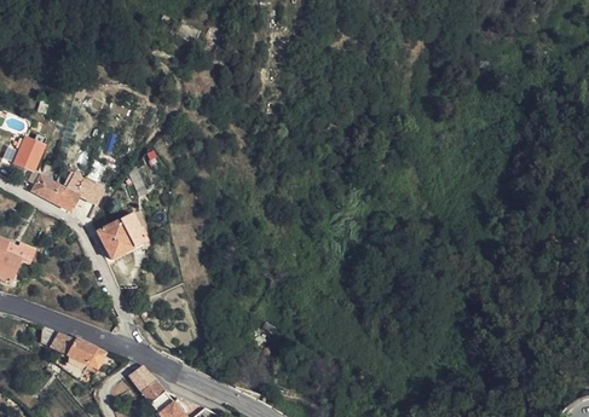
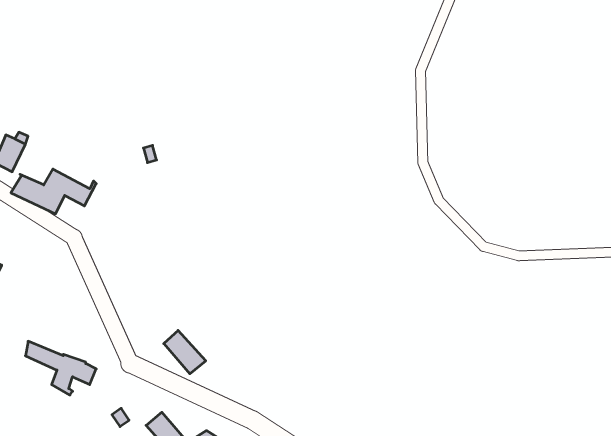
building: [96,212,145,259] -> none
building: [129,365,168,405] -> [164,330,206,374]

